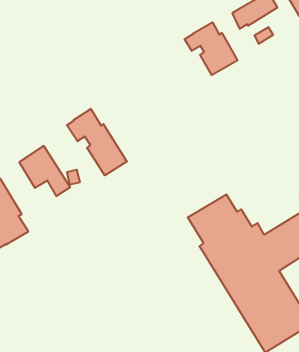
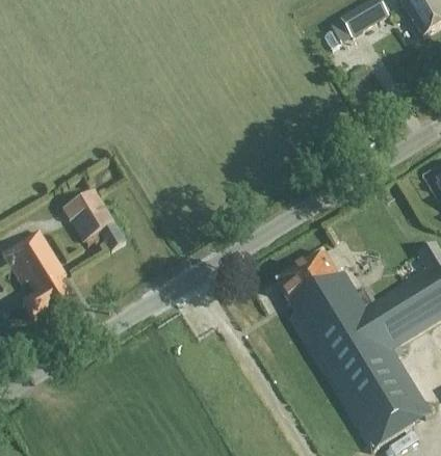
building: [185,22,237,75] -> none
building: [67,109,127,175] -> none

